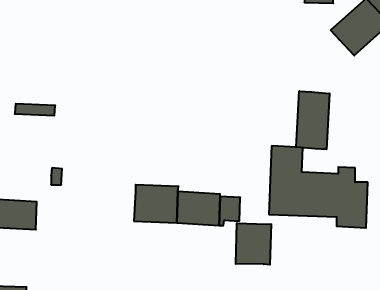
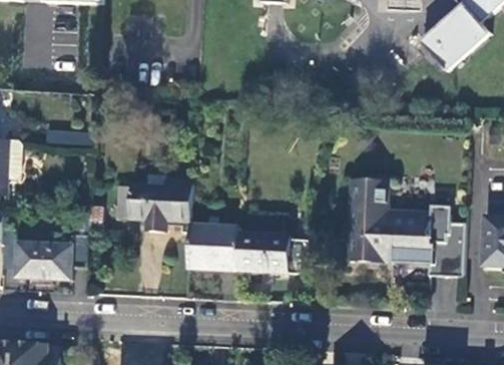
building: [296,91,330,149] -> none
building: none -> [114,172,190,233]
building: [236,223,271,265] -> none

